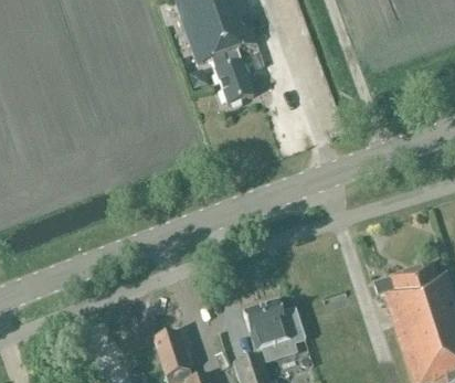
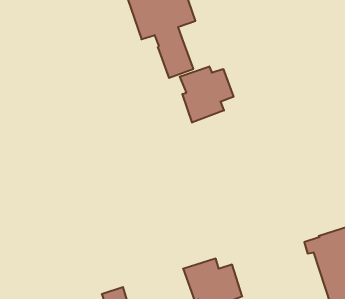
building: none -> [180,66,233,123]

